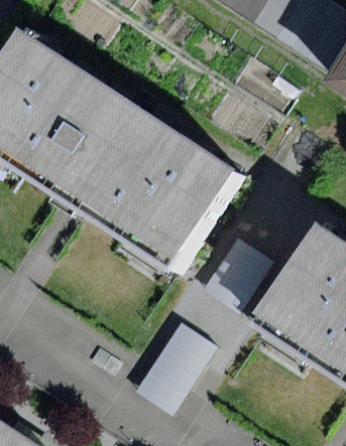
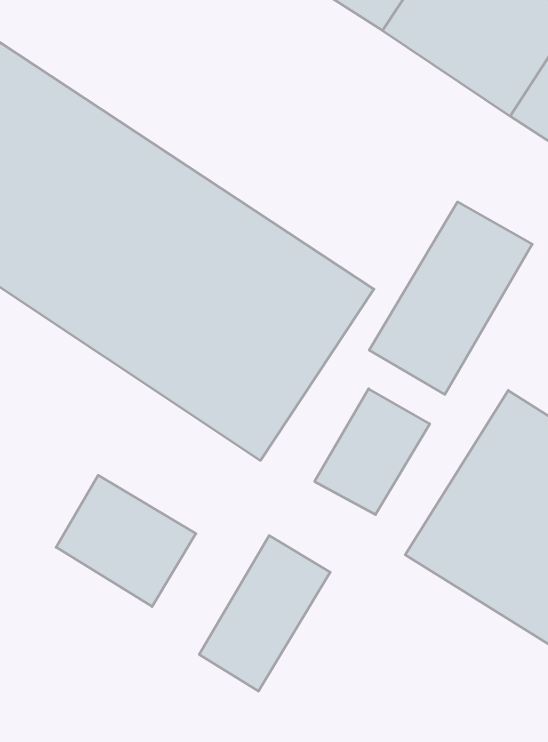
building: none -> [369,202,532,394]
building: none -> [56,475,196,607]

